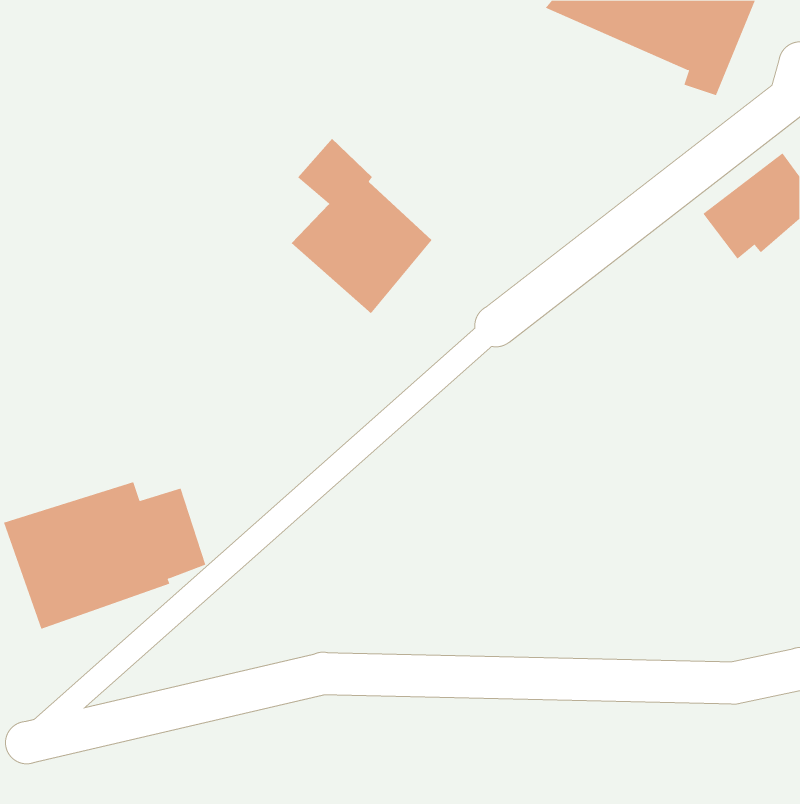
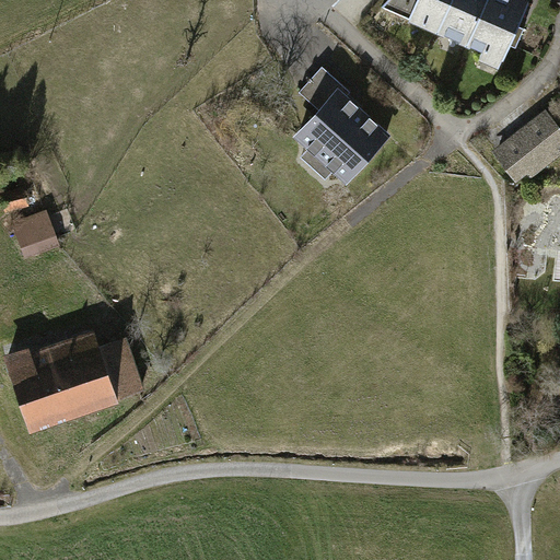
building: [291,138,433,314] -> [292,67,390,189]
building: none -> [13,209,60,255]

